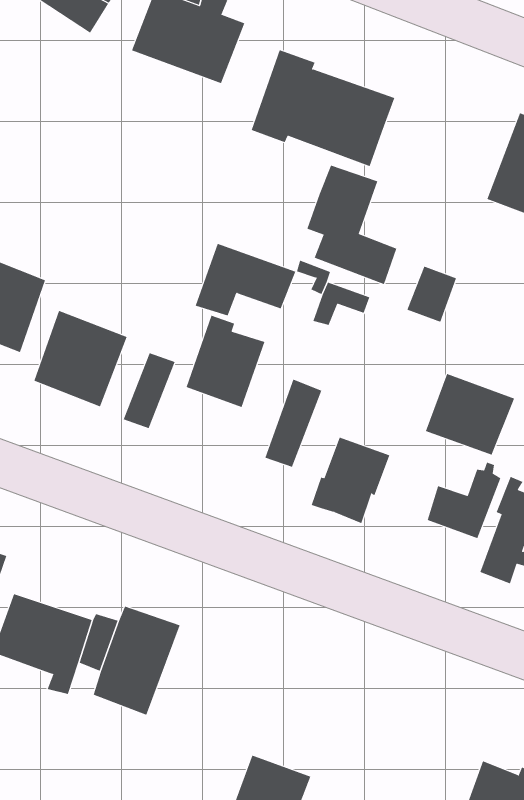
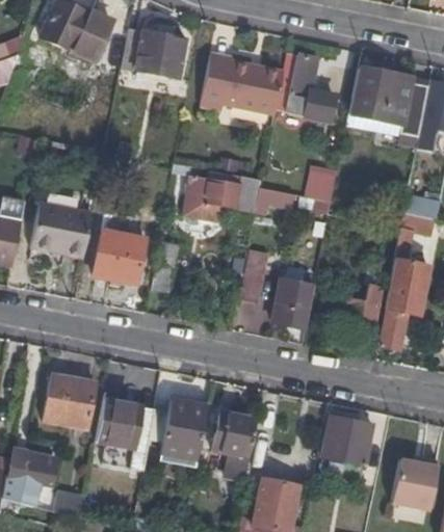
building: [306,165,397,285] -> [280,52,336,118]
building: [186,315,265,408] -> none
building: [425,373,515,456] -> none
building: none -> [210,408,258,478]
building: none -> [325,416,373,464]

